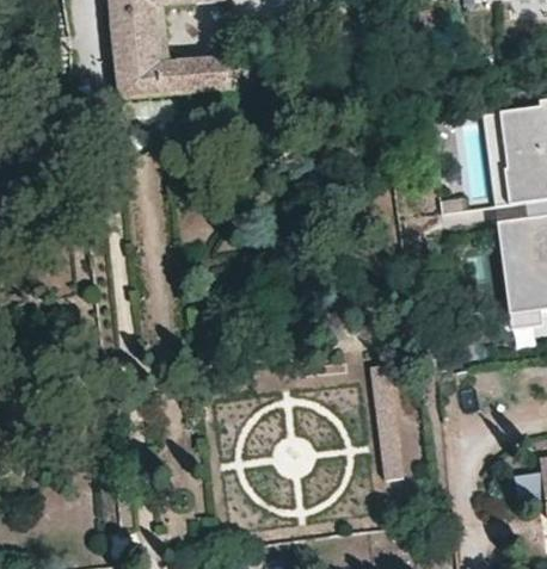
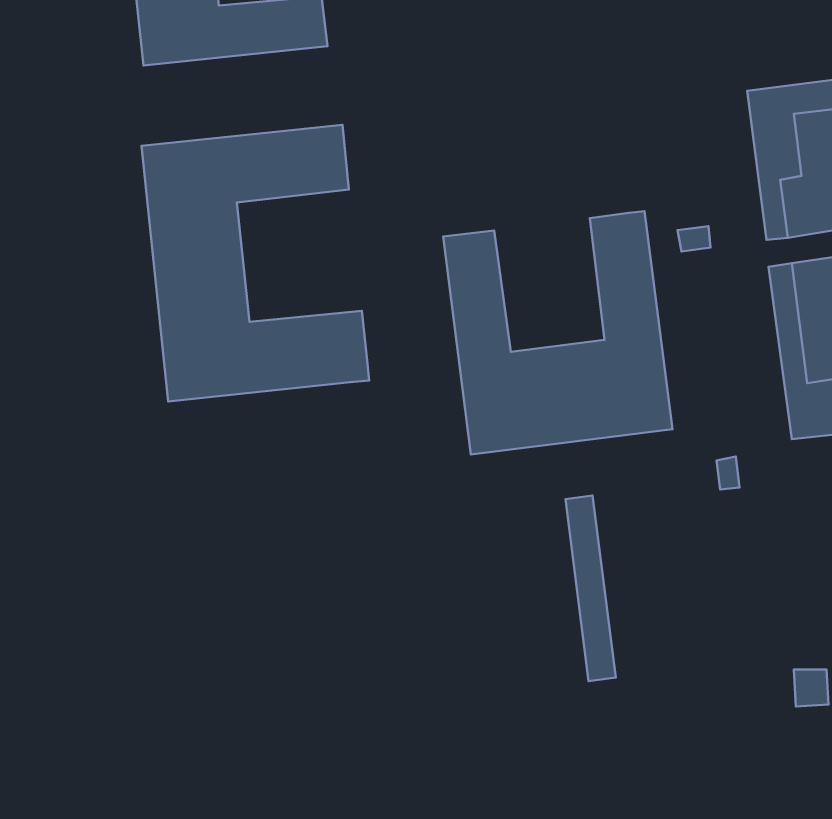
building: none -> [141,125,369,402]
building: none -> [443,211,672,455]

